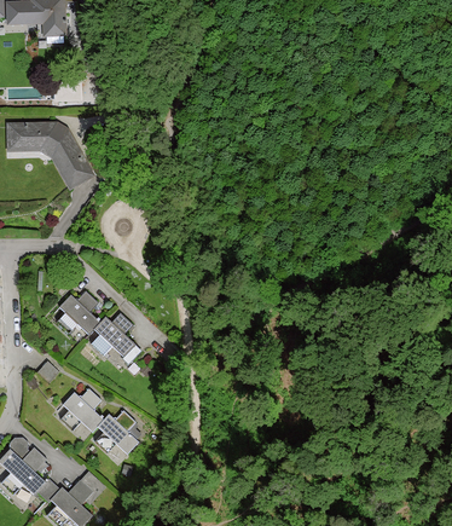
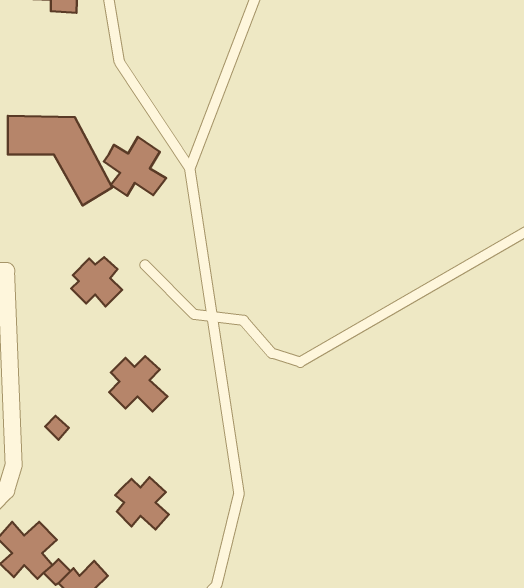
building: none -> [104,137,166,196]
building: [58,294,99,334] -> [71,257,122,306]
building: [62,389,102,432] -> none

